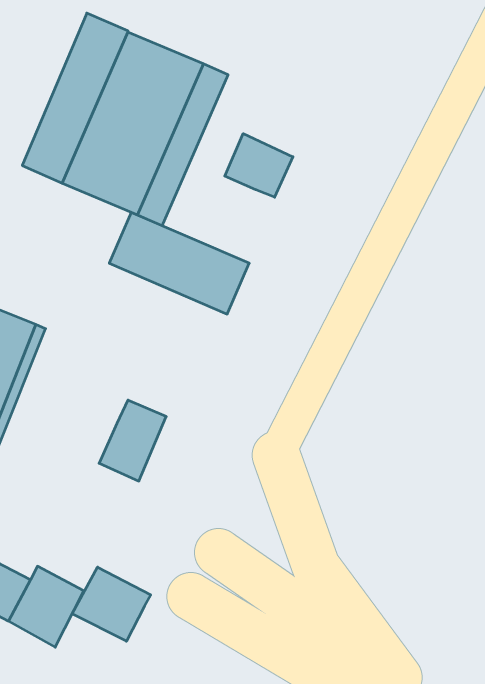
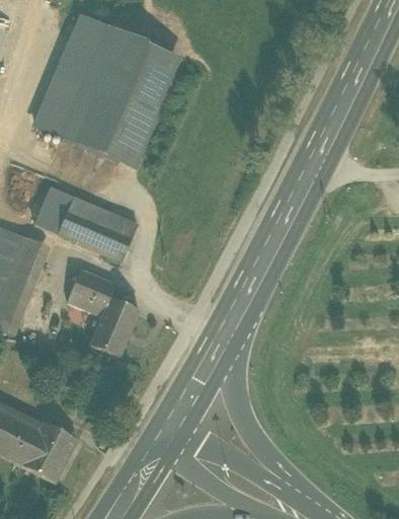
building: [225,134,293,197] -> none
building: [109,213,249,314] -> [33,186,137,261]
building: none -> [66,270,114,315]
building: [72,567,151,641] -> none

